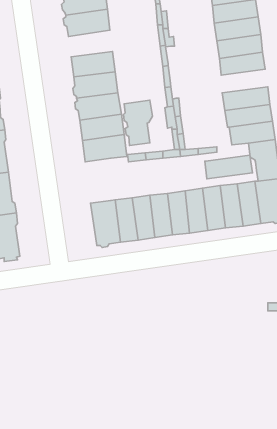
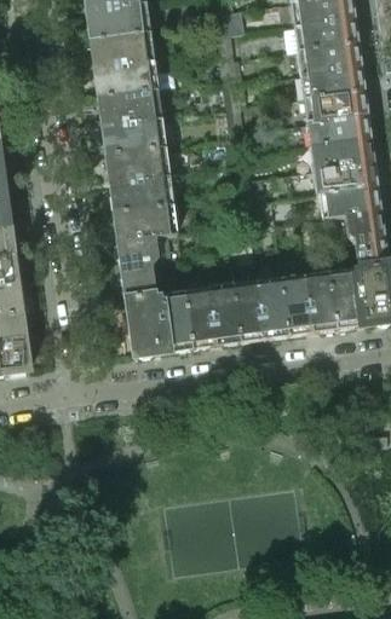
building: none -> [96,60,156,97]
building: [123,100,153,145] -> [117,236,157,297]
building: [205,155,253,179] -> [304,114,369,146]

